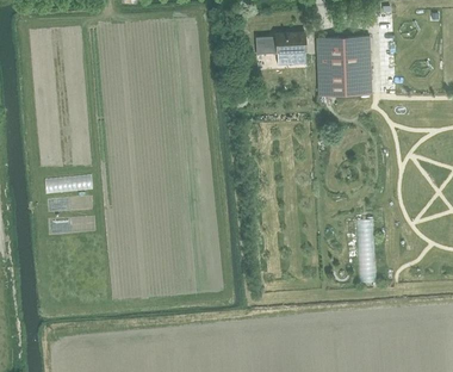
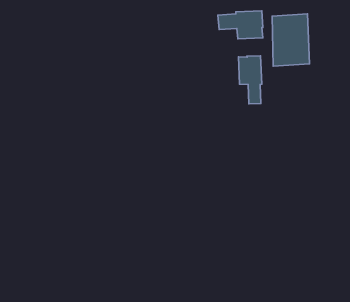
building: none -> [238,56,262,104]

